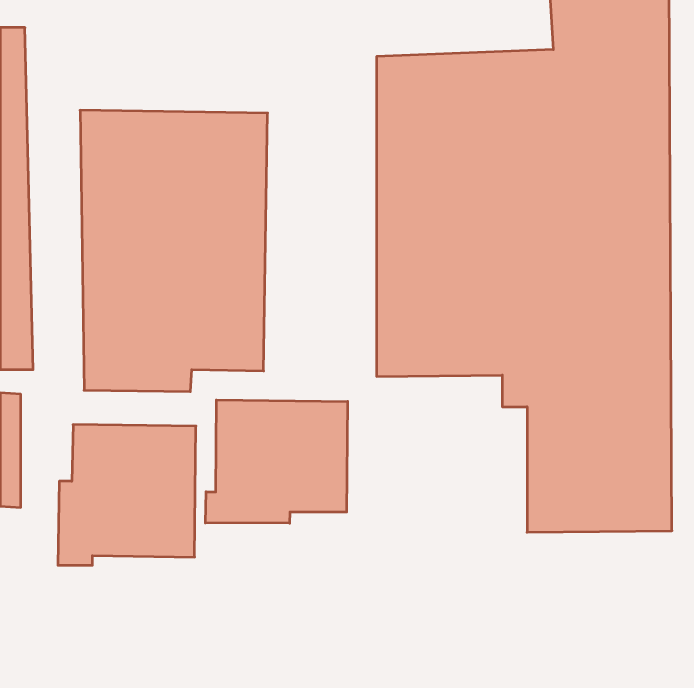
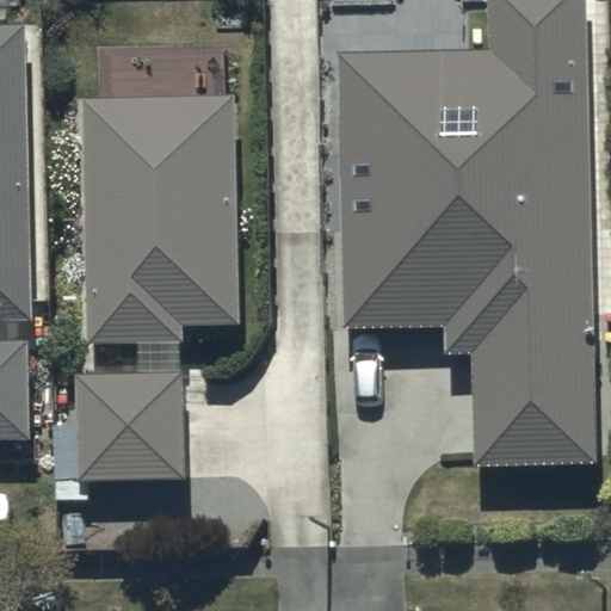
building: [205,400,348,523] -> none

